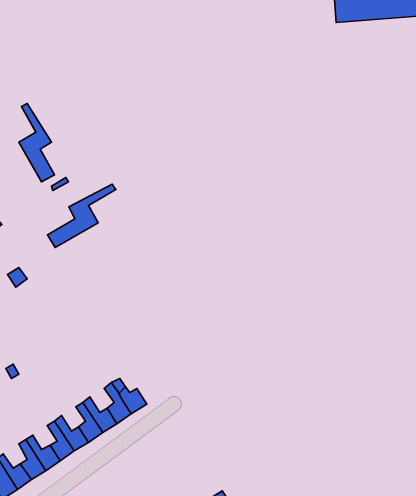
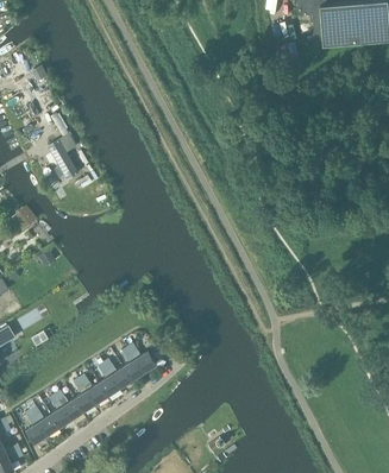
building: [48,184,116,247] -> none

